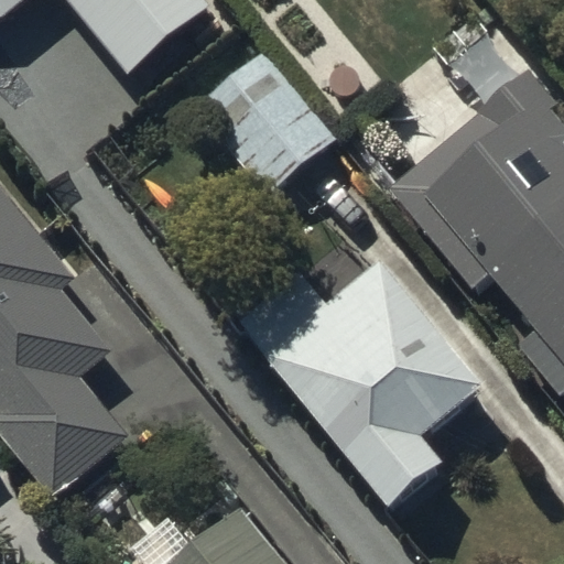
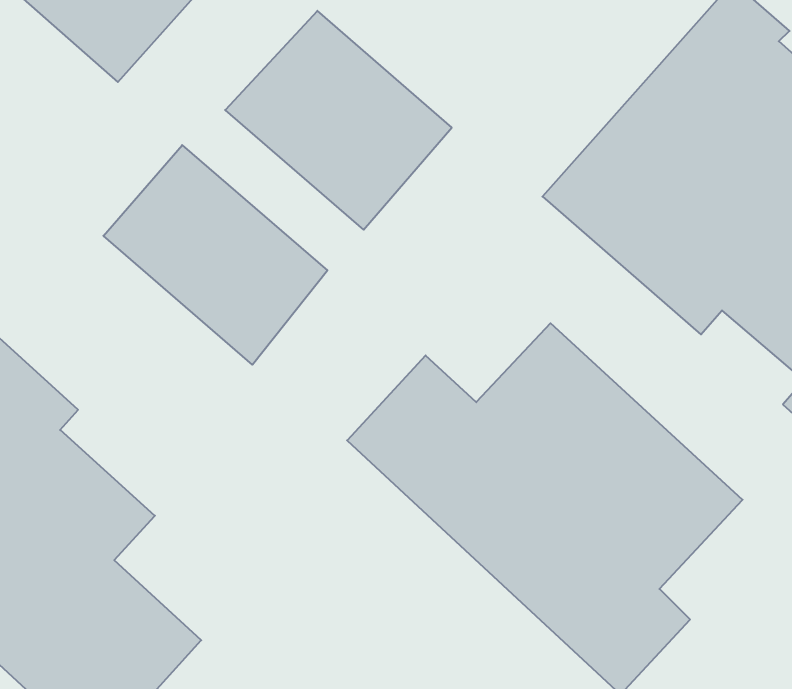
building: none -> [103,145,327,365]

